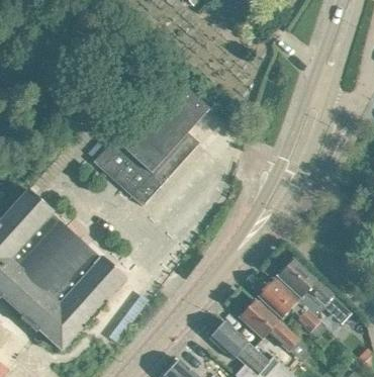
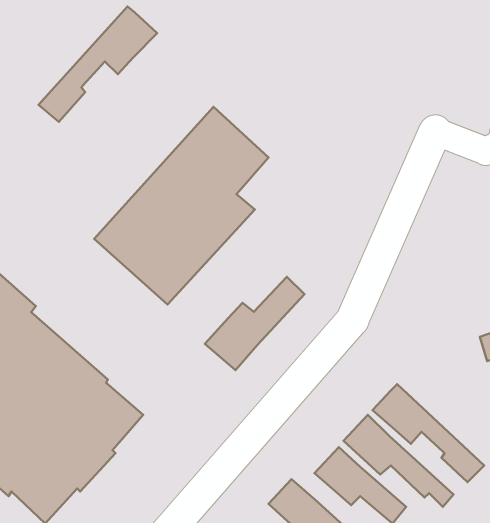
building: none -> [38,6,157,122]
building: none -> [205,277,305,370]

